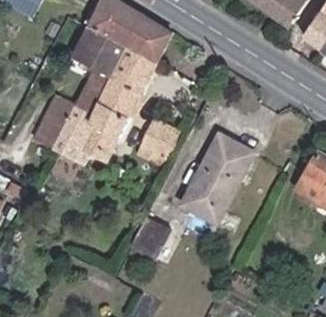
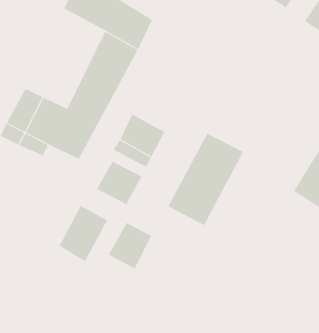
building: [74,25,127,114] -> none
building: none -> [96,161,142,205]
building: none -> [59,205,108,262]

